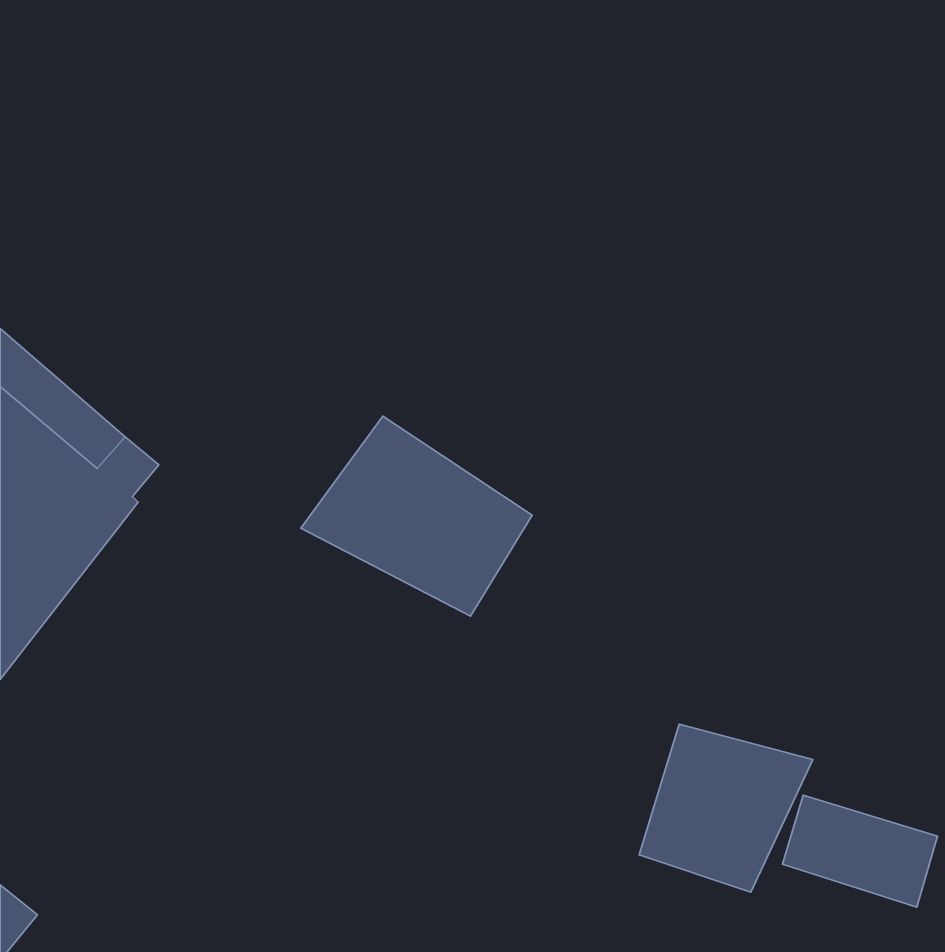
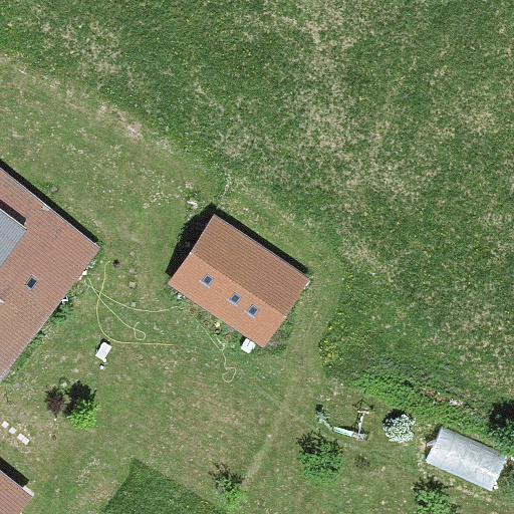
building: [639,724,813,892] -> none

